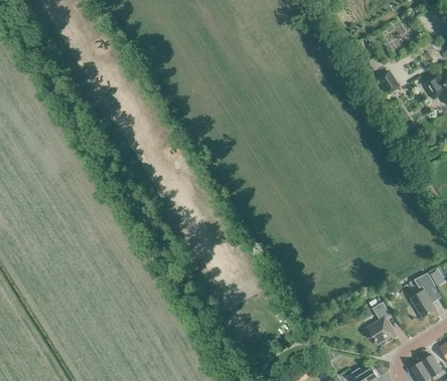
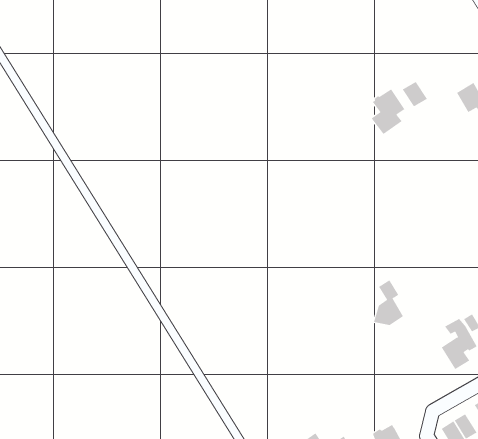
building: none -> [371,88,405,135]
building: [368,303,395,342] -> [373,280,404,326]

